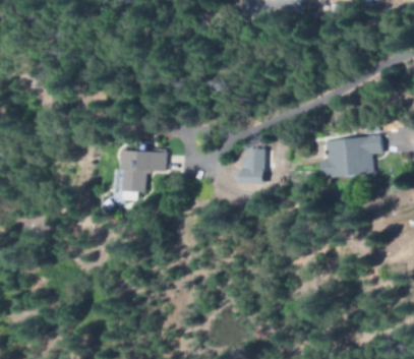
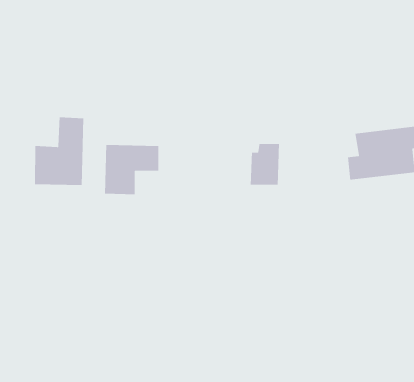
building: none -> [34,117,84,186]

